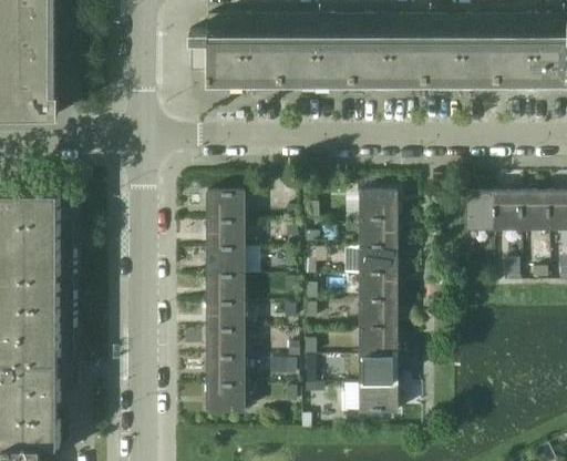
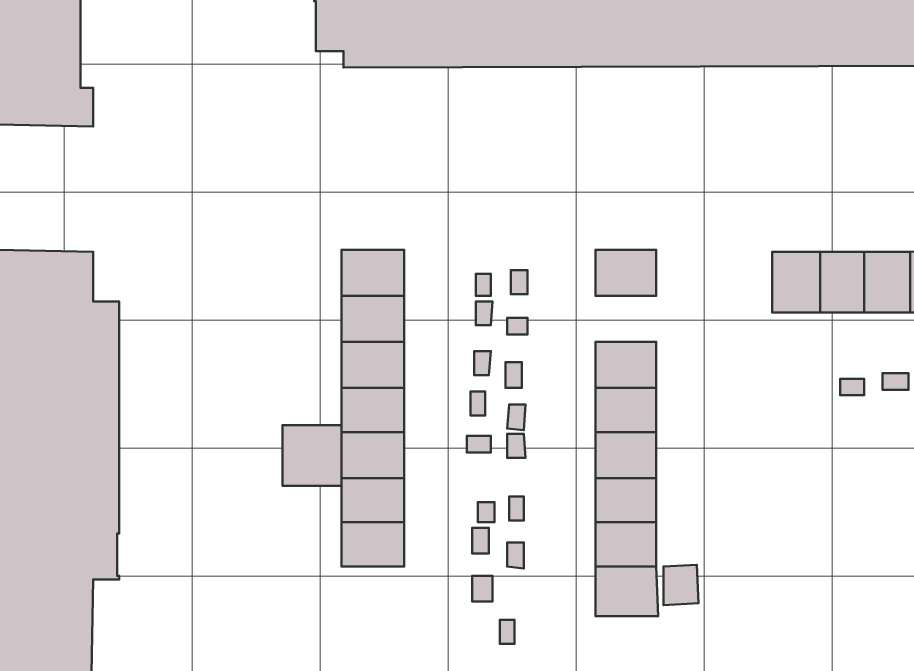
building: [360,217,396,245] -> none
building: none -> [283,425,342,486]
building: [207,380,245,410] -> none

